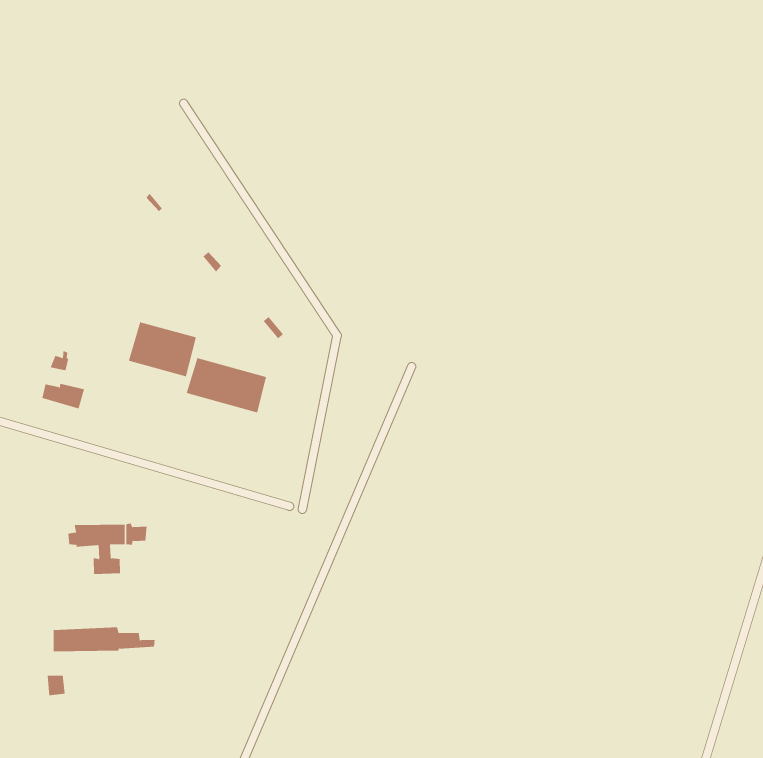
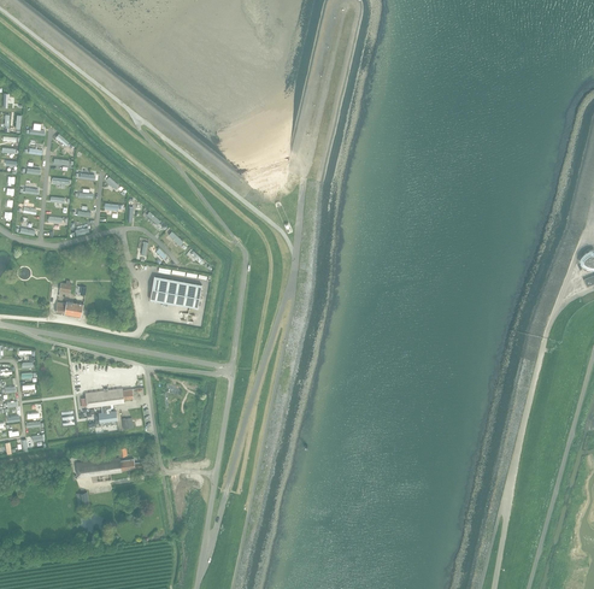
building: [128,322,197,377] -> none

